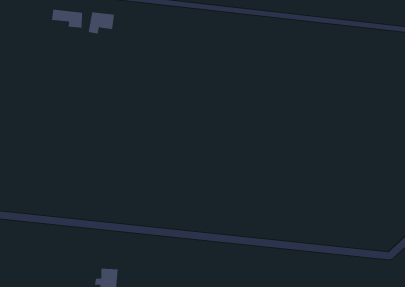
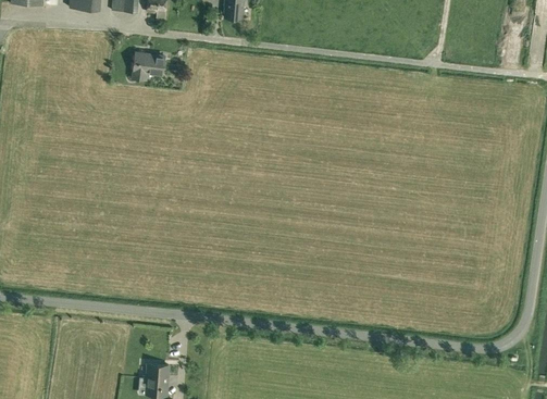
building: [51,9,82,28] -> none

